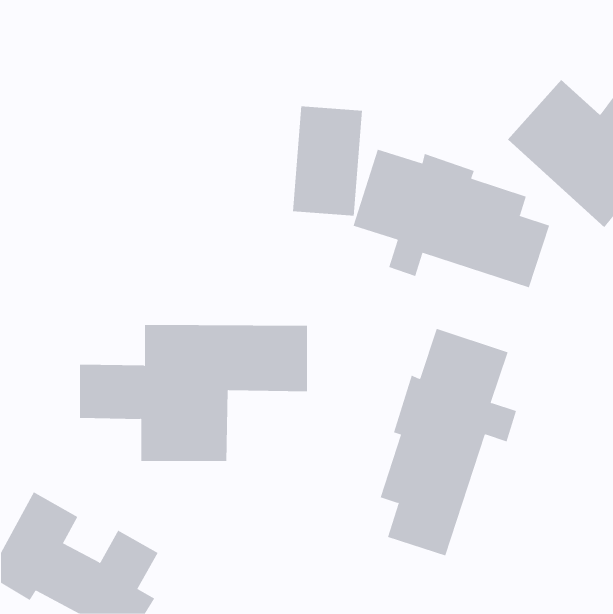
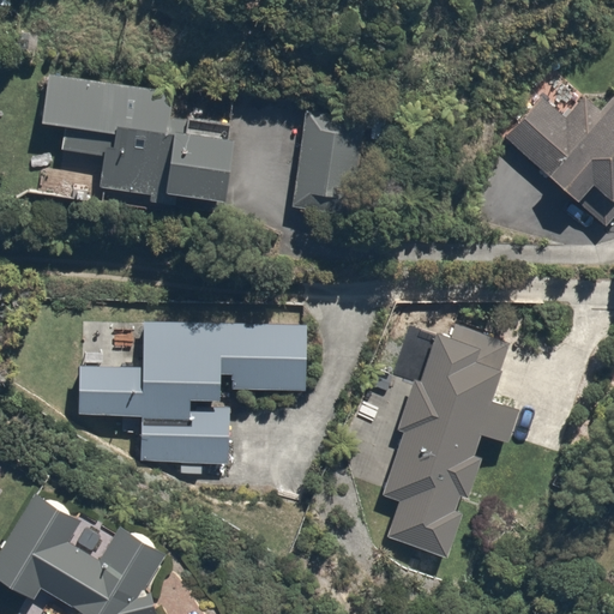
building: none -> [41,71,237,204]
building: [353,149,550,288] -> none

